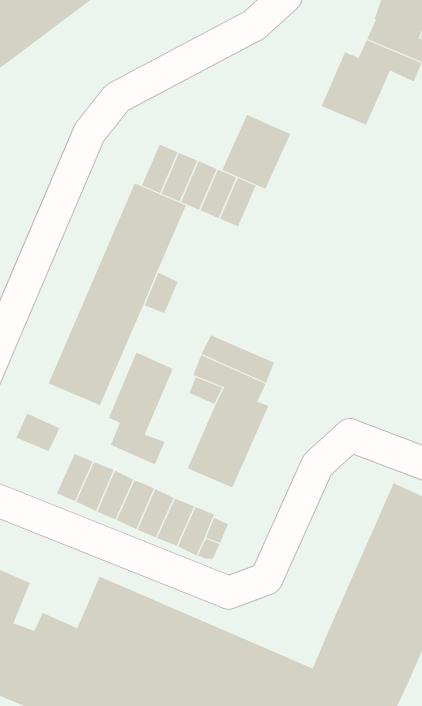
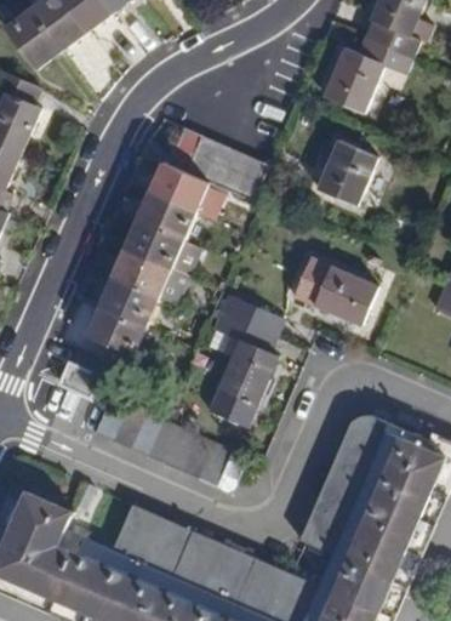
building: [221,114,291,190] -> [316,139,377,205]
building: none -> [292,256,378,325]
building: [108,352,174,465] -> none
building: none -> [298,414,387,552]

